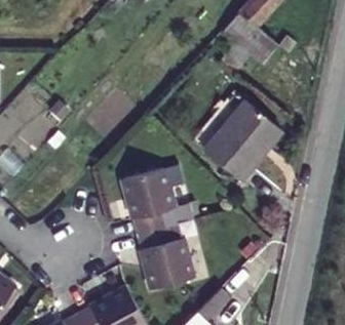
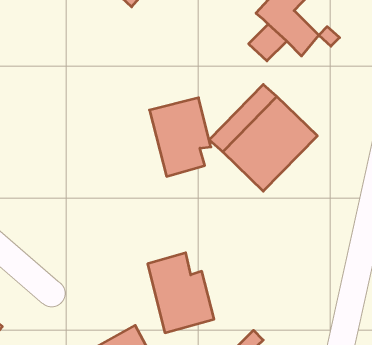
building: [122,169,174,235] -> [149,98,211,176]

